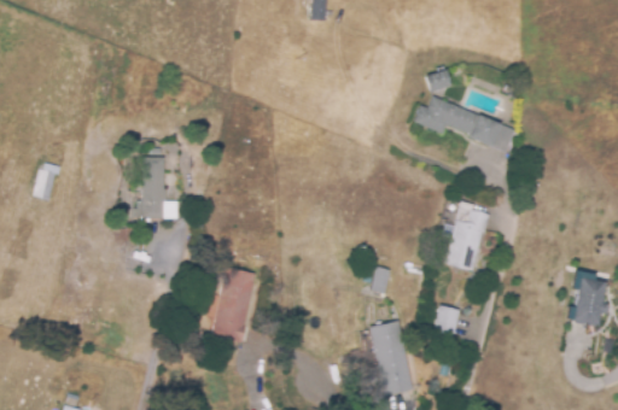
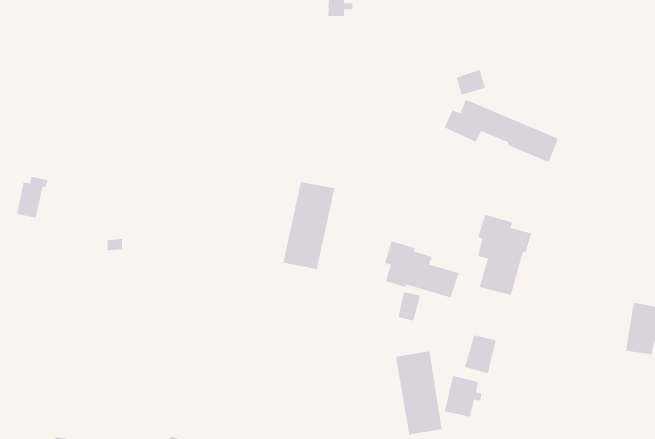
building: [132,158,176,219] -> none
building: none -> [385,241,459,298]
building: [210,265,257,344] -> [282,181,335,270]
building: none -> [444,375,482,417]

